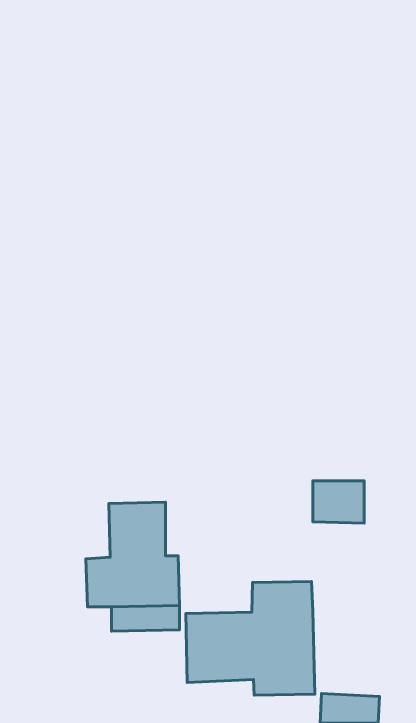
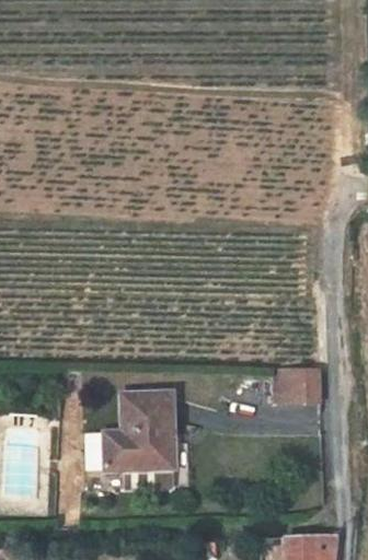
building: [186,582,315,695] -> none

